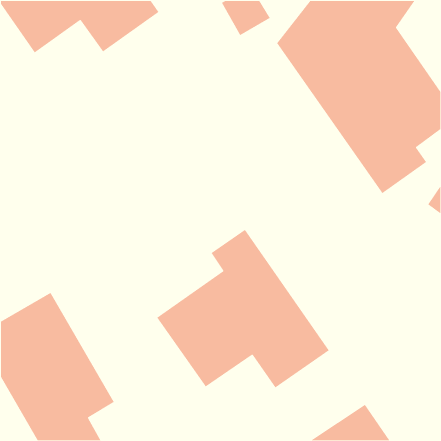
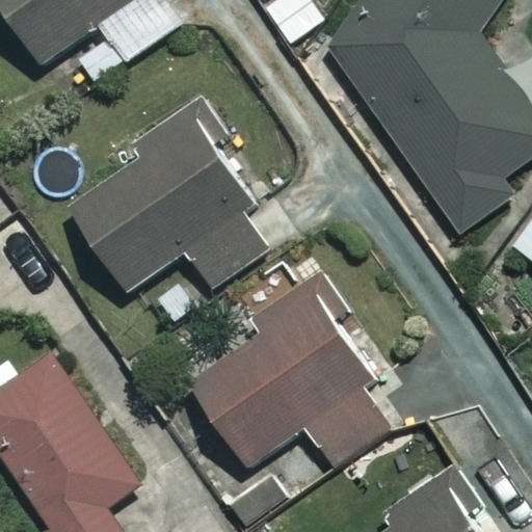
building: none -> [66,117,276,292]

